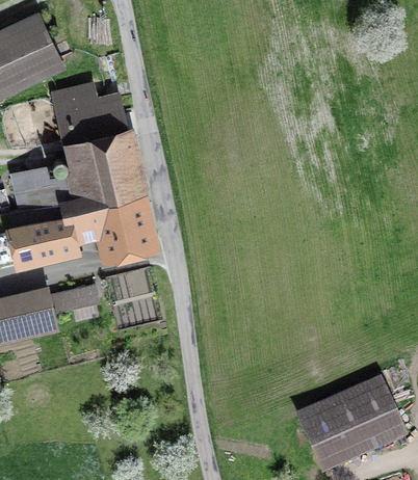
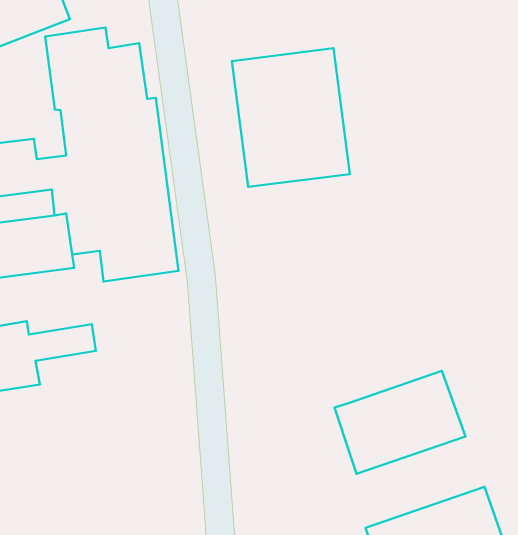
building: none -> [232,48,350,187]
building: none -> [334,371,465,474]

